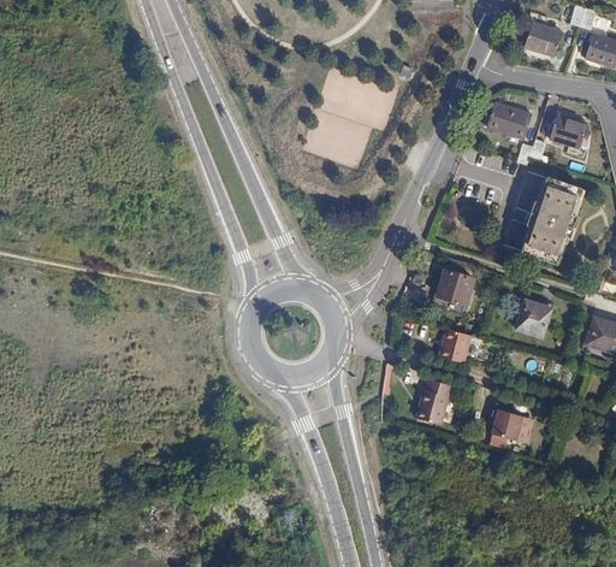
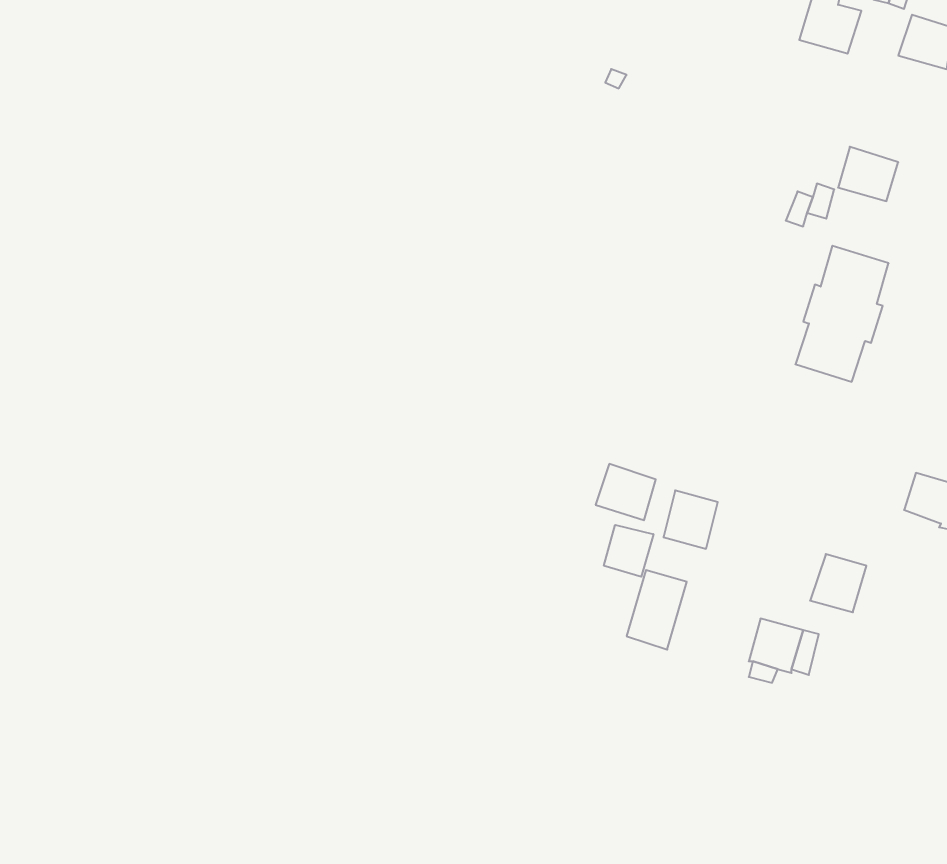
building: [484,104,529,138] -> none
building: [436,270,473,305] -> [596,464,656,520]
building: [515,301,550,337] -> [810,554,866,612]
building: none -> [604,525,653,577]

